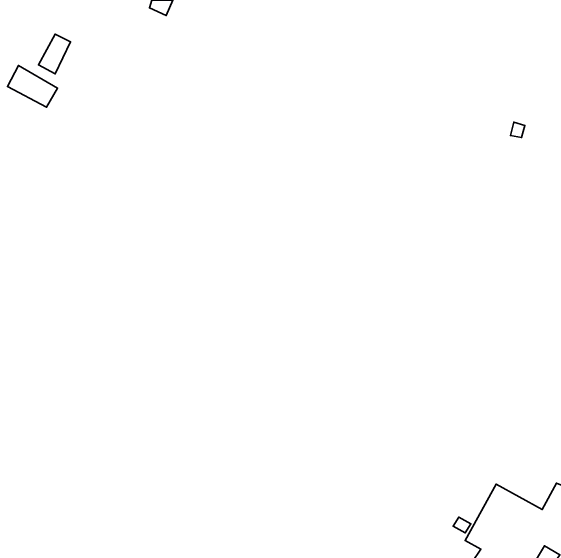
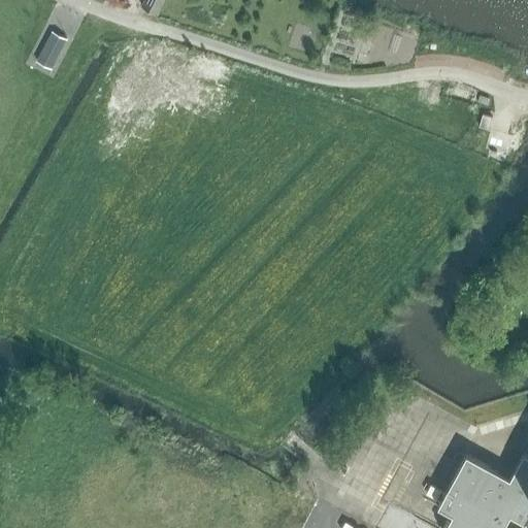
building: [7,65,57,107] -> none

